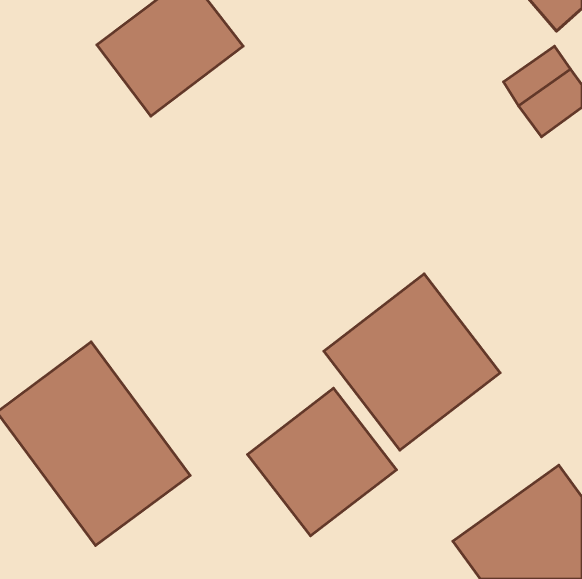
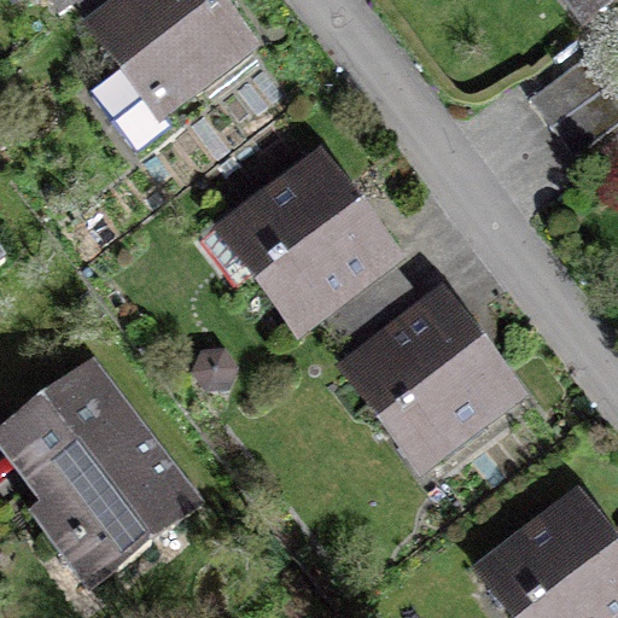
building: none -> [210,145,403,336]
building: [247,388,397,536] -> none

